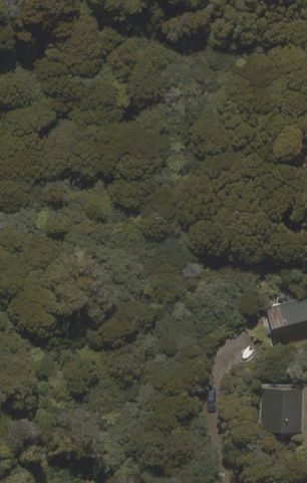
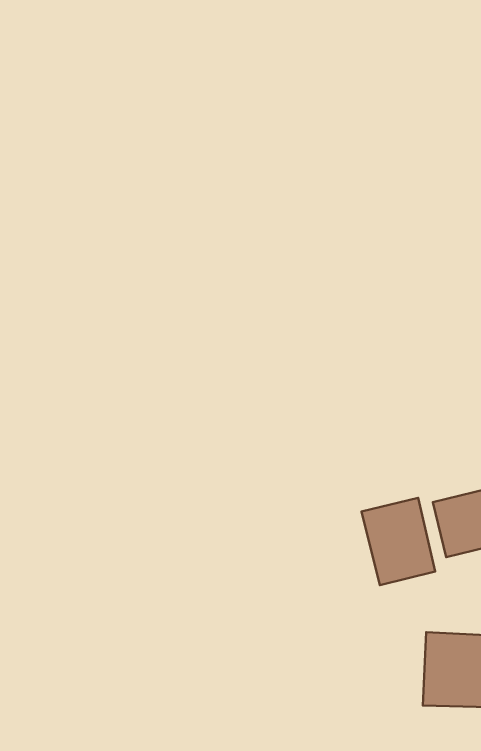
building: none -> [362,498,435,585]

